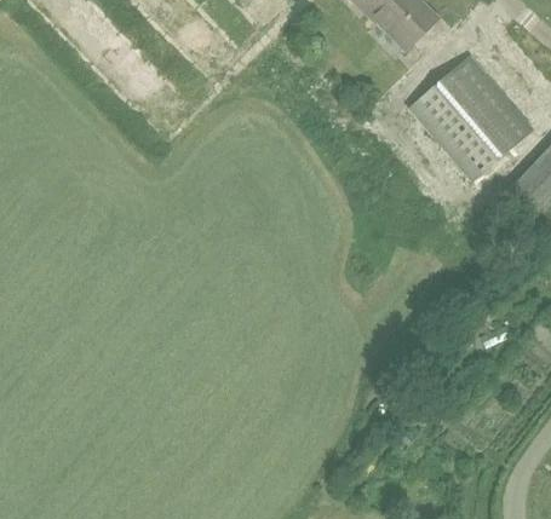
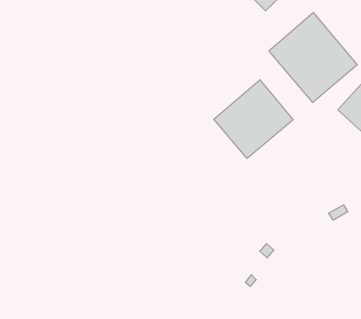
building: none -> [214,80,293,158]

